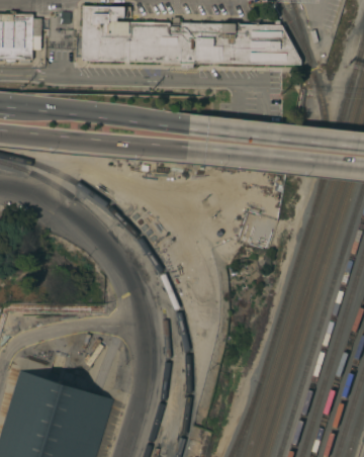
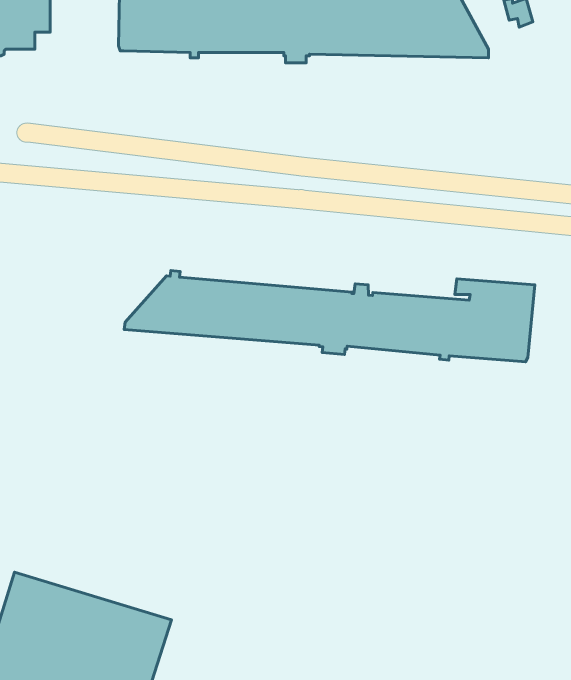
building: none -> [124,271,535,362]

